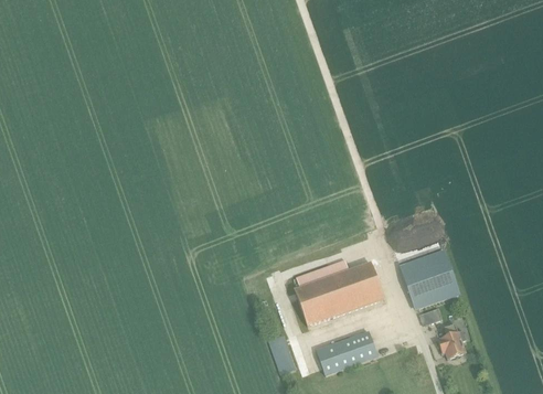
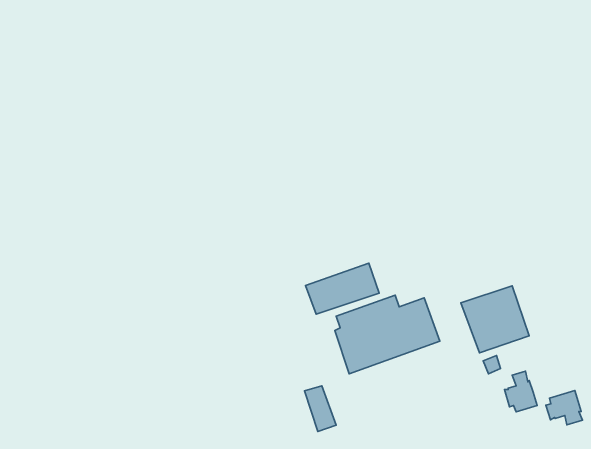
building: [316,331,377,374] -> [306,263,379,314]
building: none -> [546,390,582,425]

